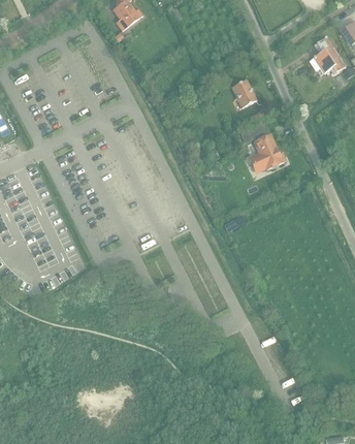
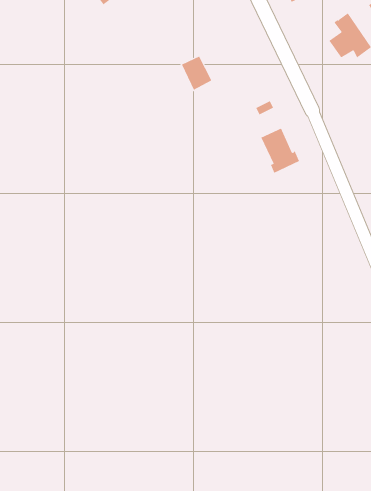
building: [230,78,256,107] -> [181,56,212,91]

